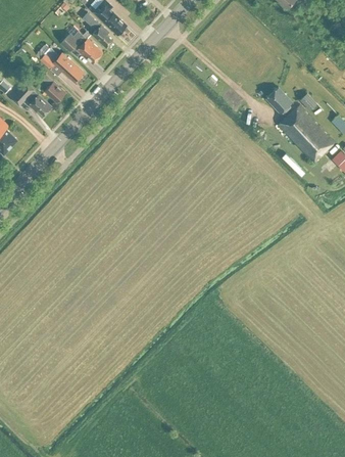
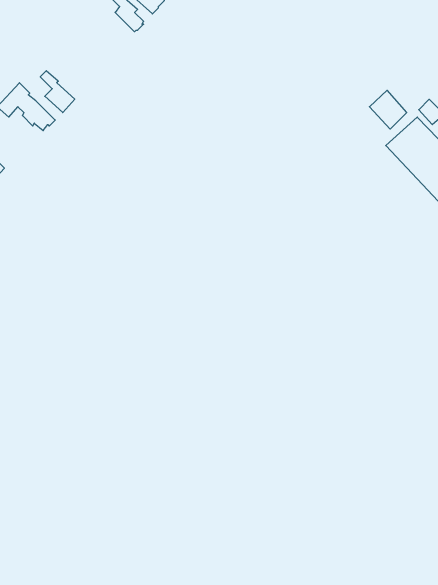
building: [60,31,102,62] -> none
building: [36,45,83,82] -> none

